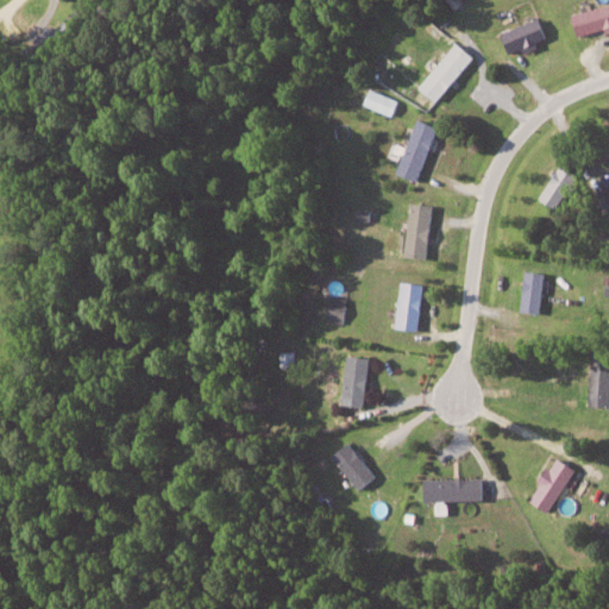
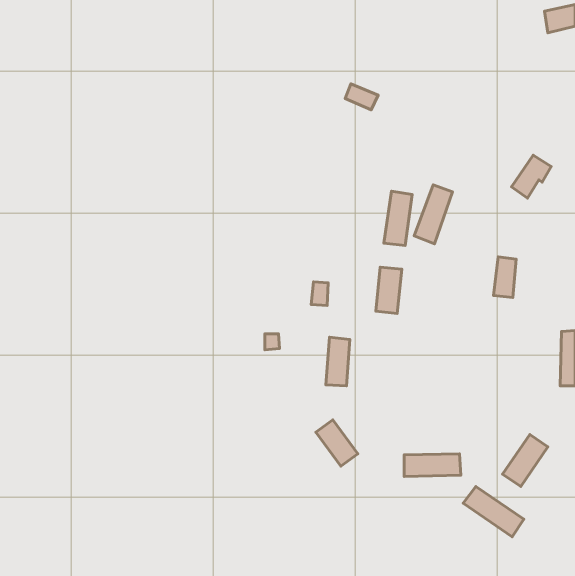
building: [501,20,546,55] -> none
building: [417,44,473,102] -> none
building: [396,121,437,183] -> [414,185,453,244]
building: none -> [463,486,524,537]

